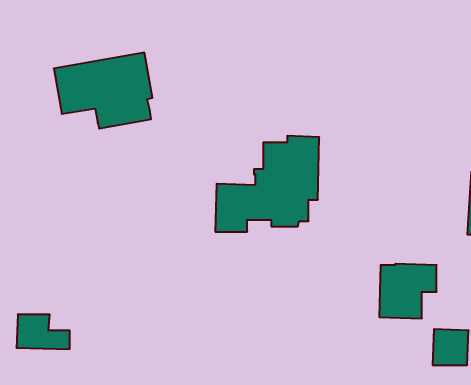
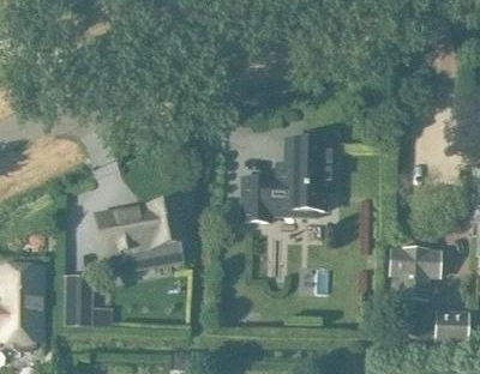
building: [54,53,152,129] -> [95,199,184,267]

